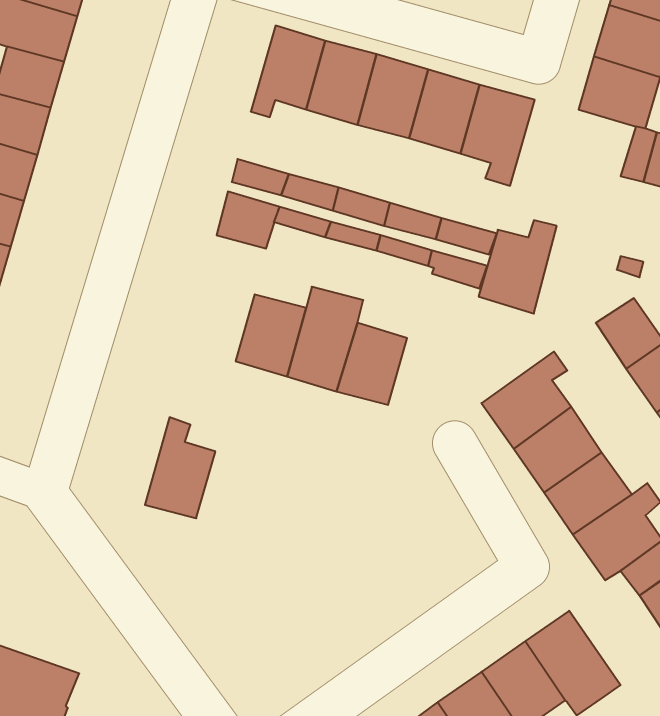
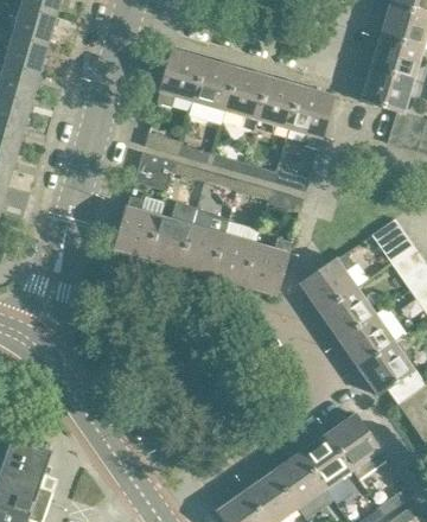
building: [479,220,557,314] -> [242,237,291,295]
building: [145,417,215,518] -> [115,195,159,257]

